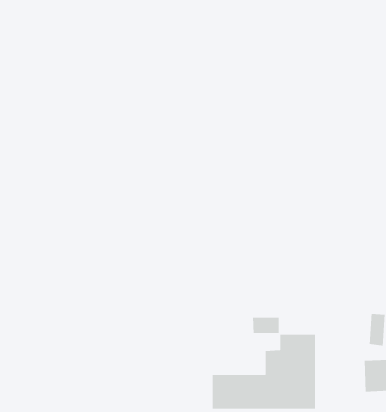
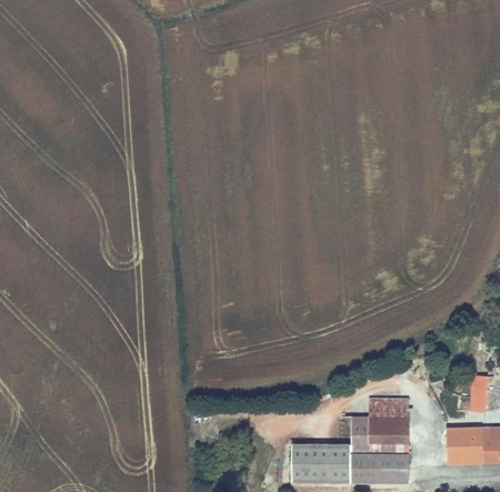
building: [252,317,280,334] -> none
building: none -> [447,428,464,464]

